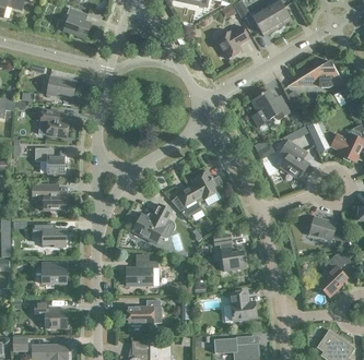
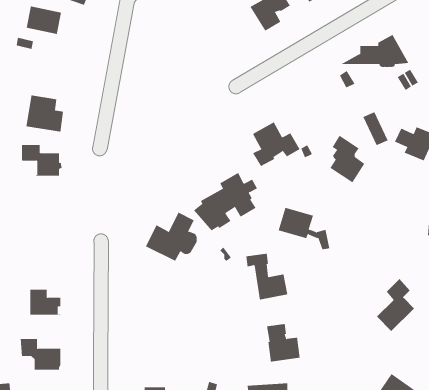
building: [47,75,75,98] -> [26,6,62,35]
building: [251,89,290,125] -> [252,122,300,167]
building: [33,183,66,213] -> none
building: [308,215,350,249] -> [278,207,330,250]
building: [33,223,67,247] -> none
building: [127,260,160,285] -> none
building: [127,299,161,322] -> none

